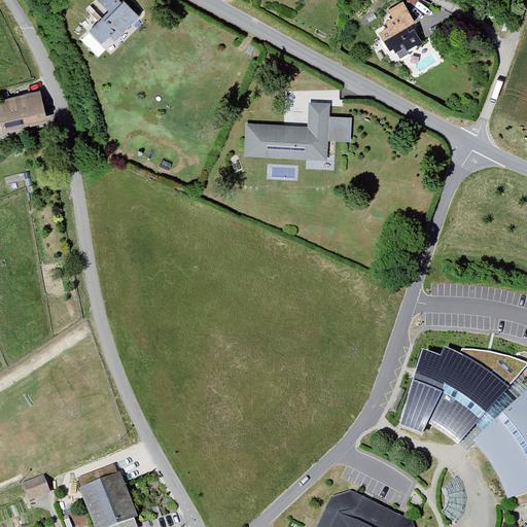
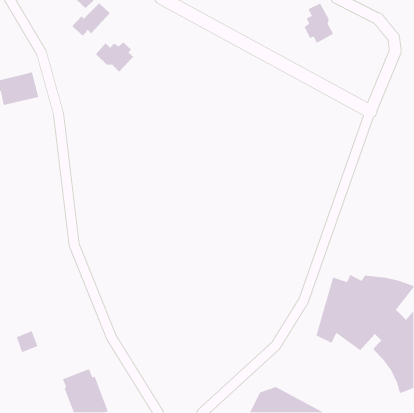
building: none -> [95,41,134,72]
building: [244,103,352,171] -> none
building: [22,476,50,504] -> [16,330,39,353]

